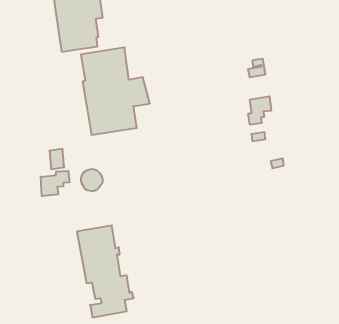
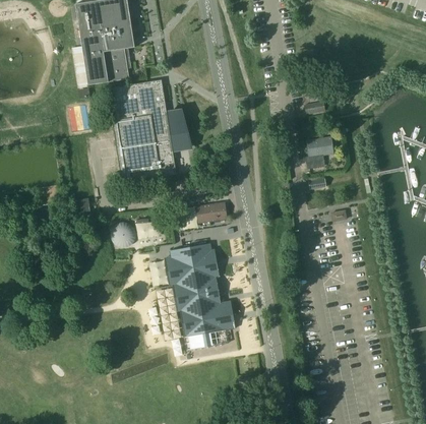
building: none -> [196,202,225,221]
building: [41,171,69,196] -> none
building: [77,225,134,317] -> [169,242,235,349]

